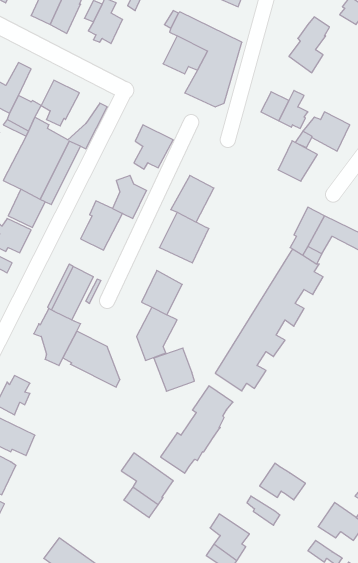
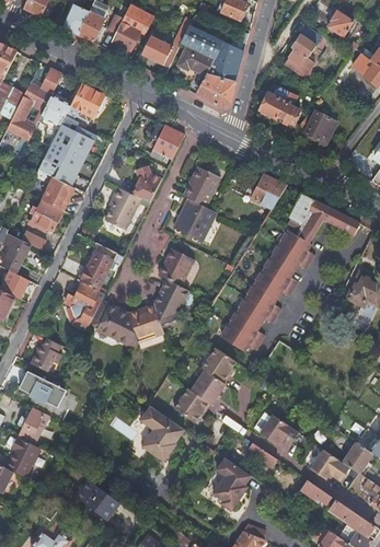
building: none -> [141,35,177,78]
building: [278,141,317,181] -> [252,174,286,209]
building: [154,348,194,391] -> [127,304,162,341]

